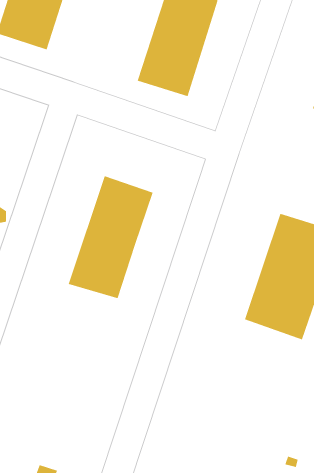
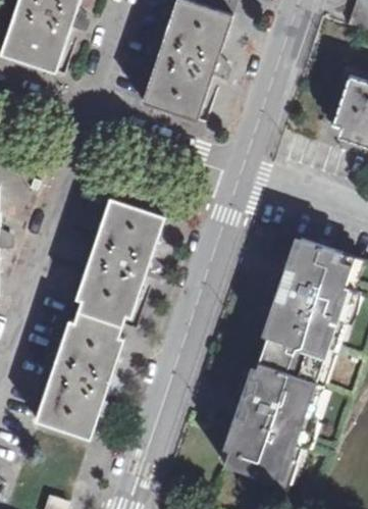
building: none -> [39,311,127,436]
building: none -> [218,348,318,479]

